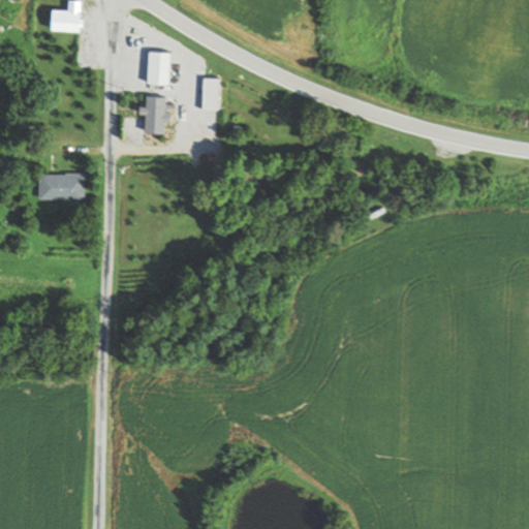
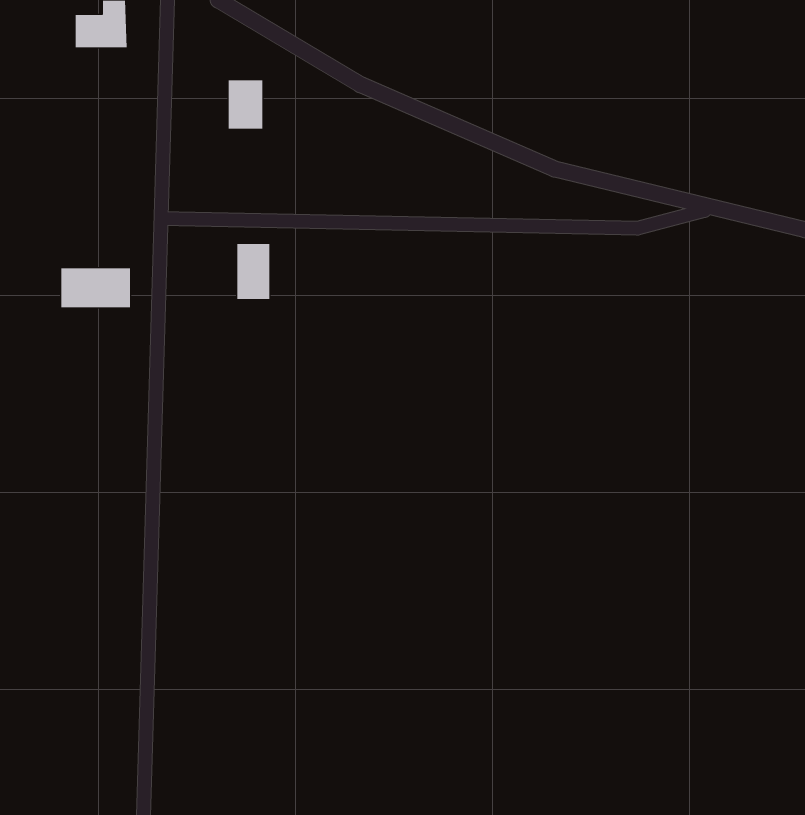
building: [200,79,218,110] -> none
building: [146,96,167,132] -> [237,244,270,299]

